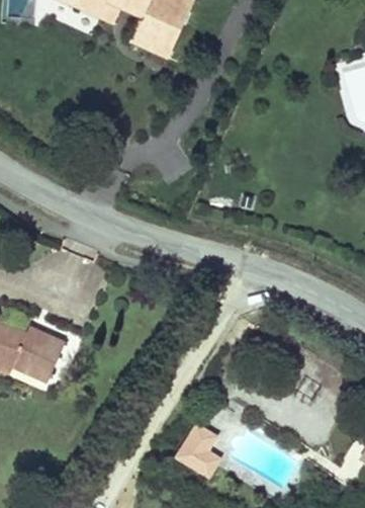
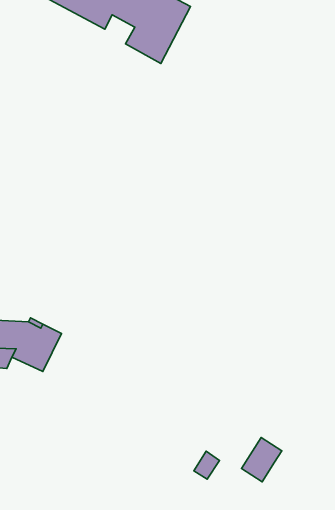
building: [176,423,215,467] -> [242,437,282,482]

